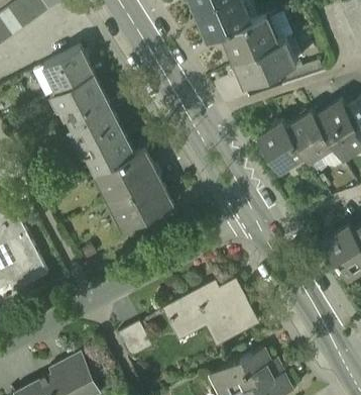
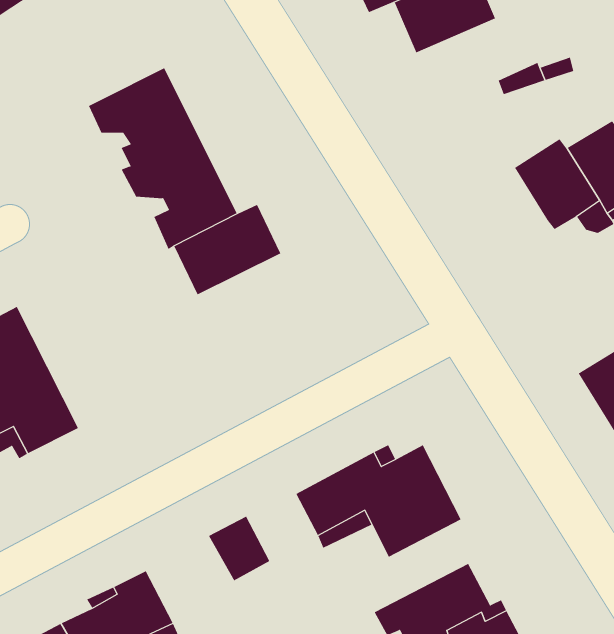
building: [232,42,294,90] -> none
building: [43,46,93,91] -> none
building: [257,121,305,174] -> none
building: [111,176,171,226] -> none

